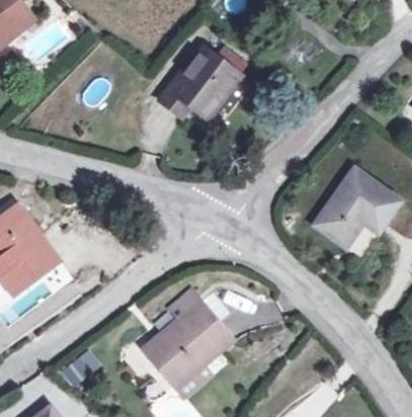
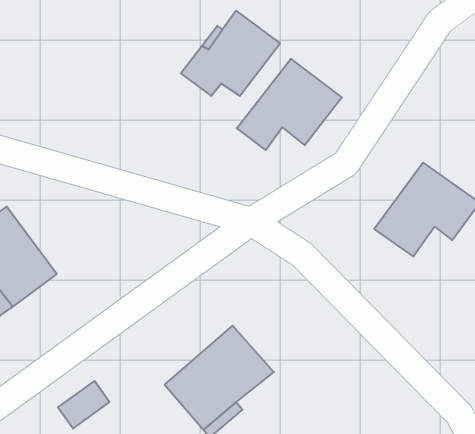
building: none -> [237,59,342,150]

